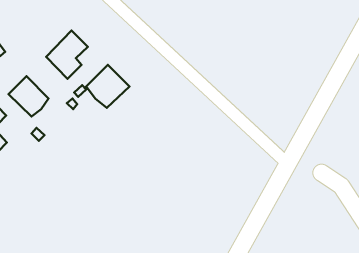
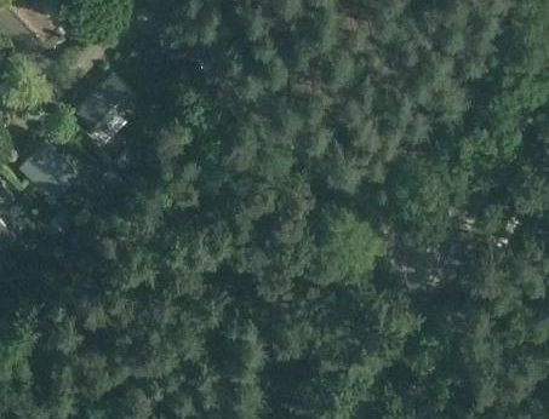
building: [86,65,129,108] -> none

